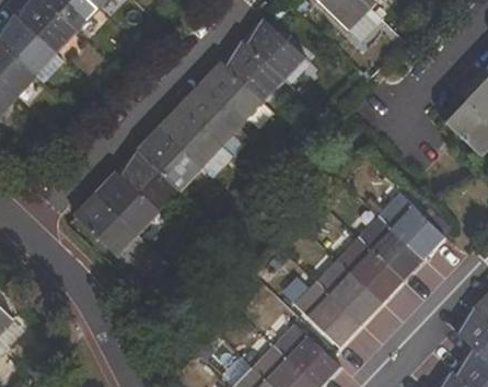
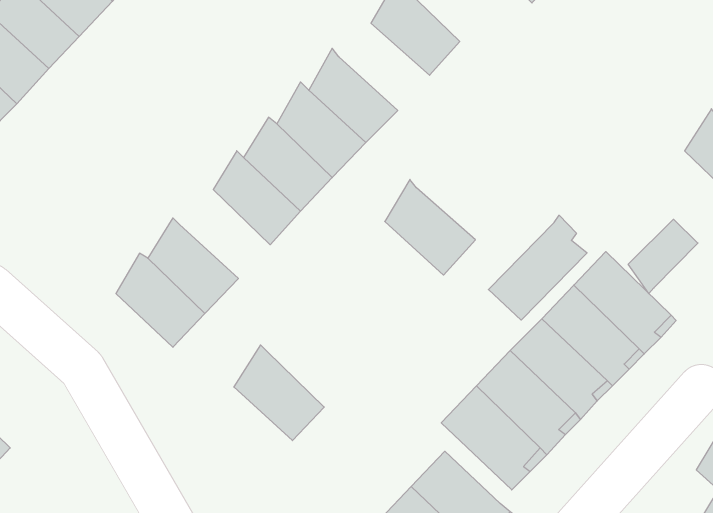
building: [224,38,283,101] -> [385,179,475,275]
building: [120,148,179,210] -> [234,345,324,441]
building: none -> [488,215,587,320]
building: none -> [628,219,698,294]

